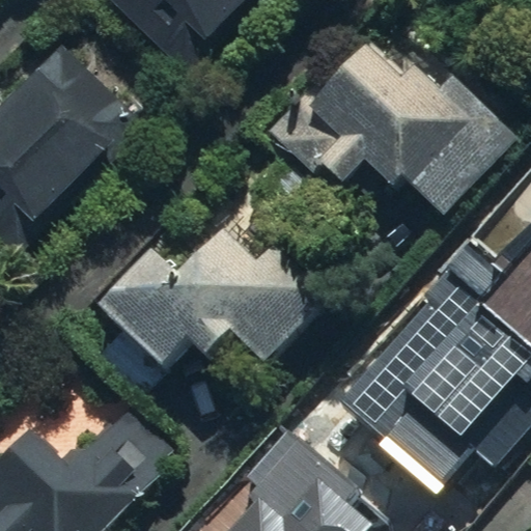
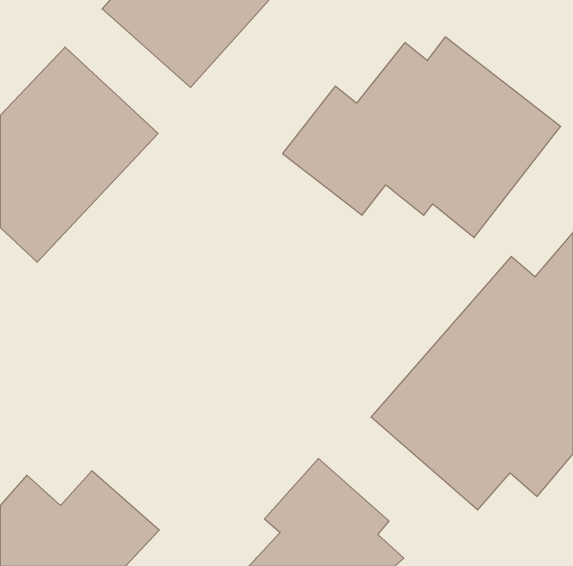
building: [89,218,323,399] -> none

